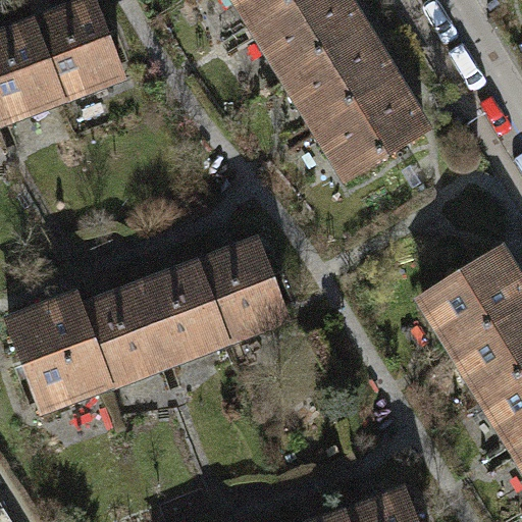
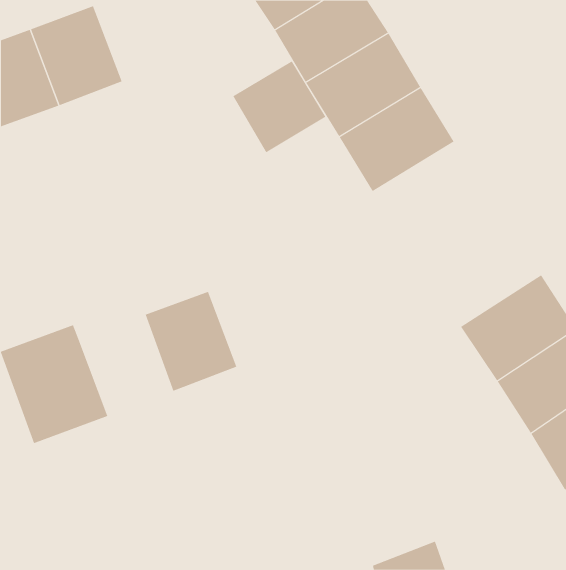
building: none -> [232,61,326,153]
building: [194,244,278,335] -> none
building: [75,288,161,380] -> none

